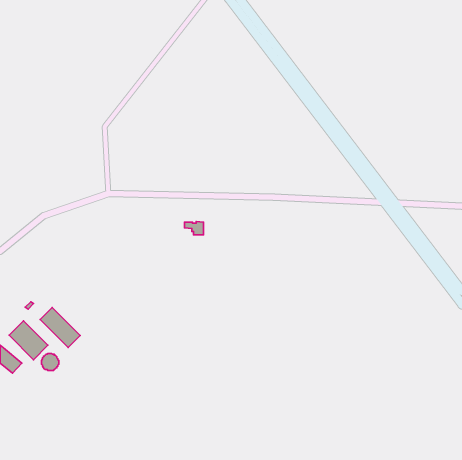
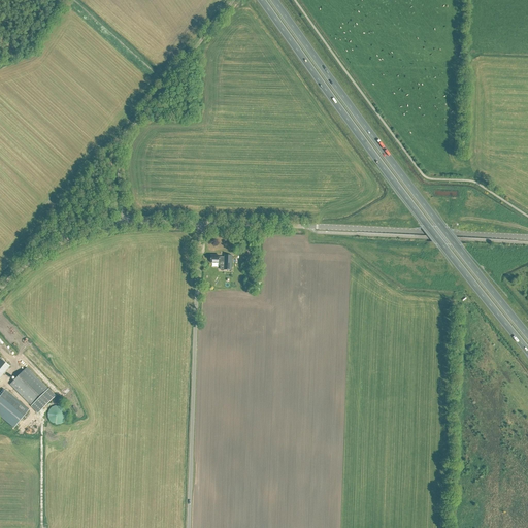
building: [40,307,80,348] -> none

